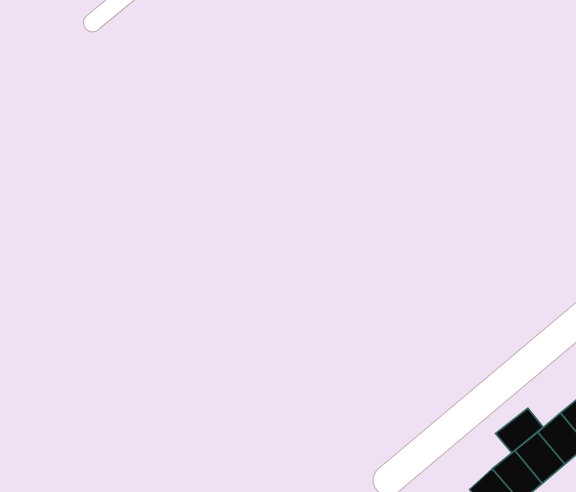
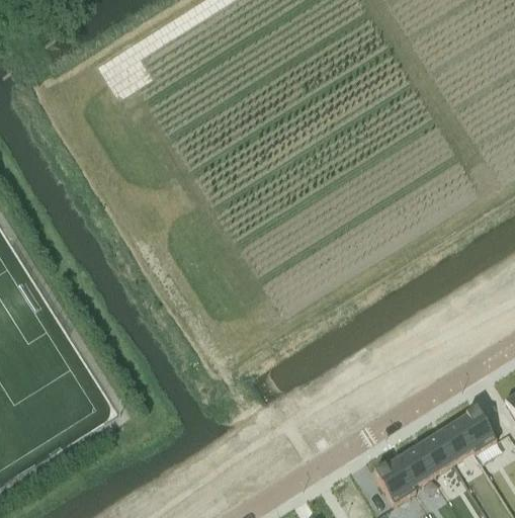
building: [496,408,543,453] -> none

